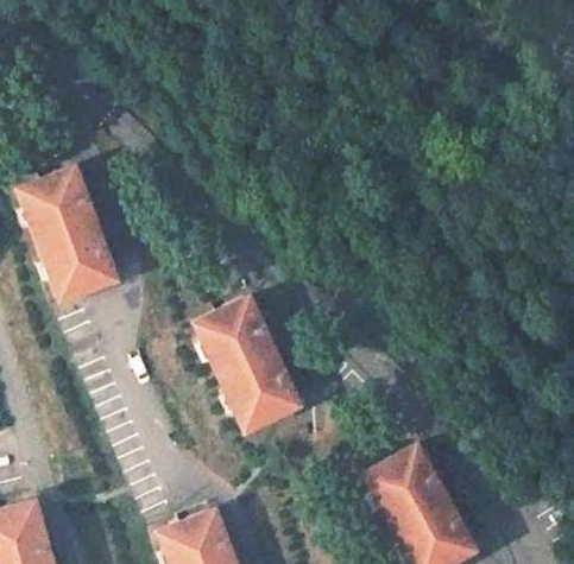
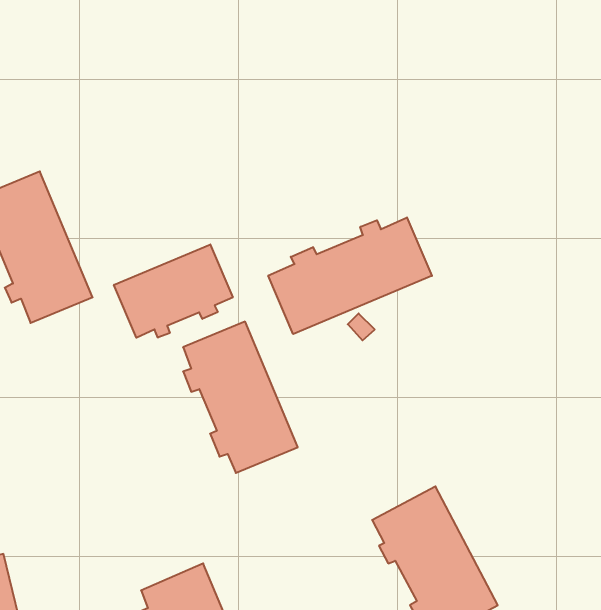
building: none -> [268,217,432,334]
building: none -> [114,244,233,338]

